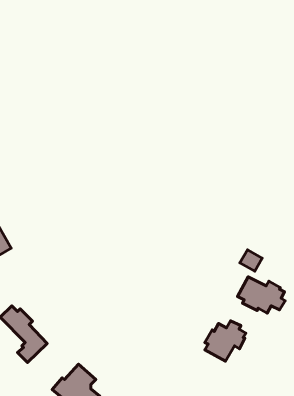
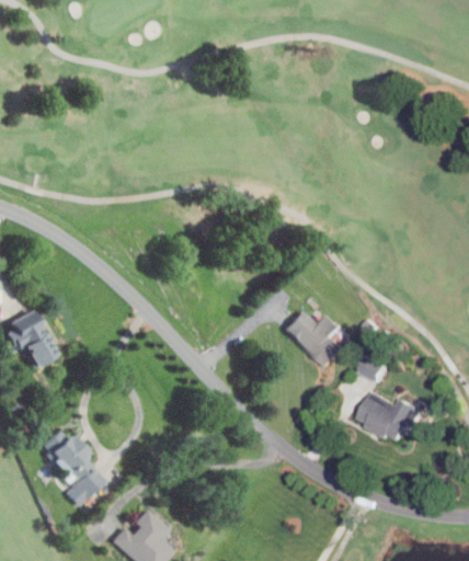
building: none -> [286,312,343,367]
building: [205,321,246,361] -> none

